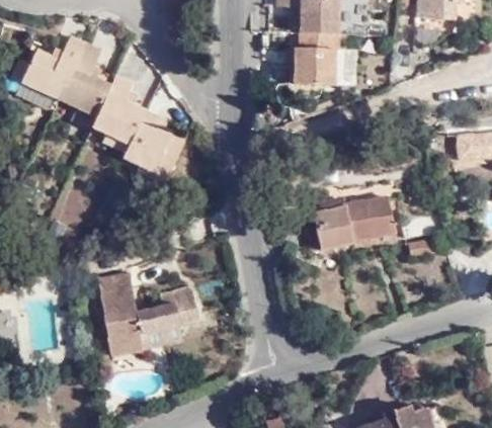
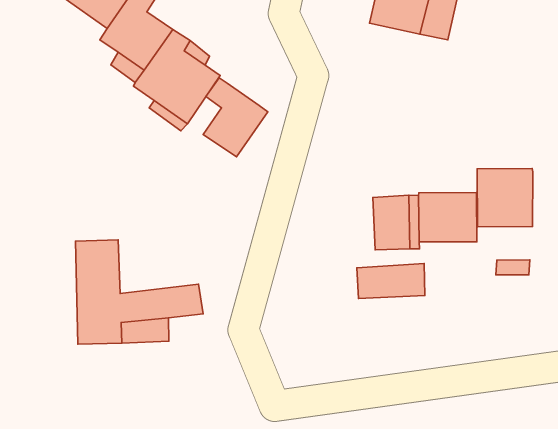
building: none -> [203,78,268,157]
building: none -> [477,169,533,227]
building: none -> [357,263,425,299]

